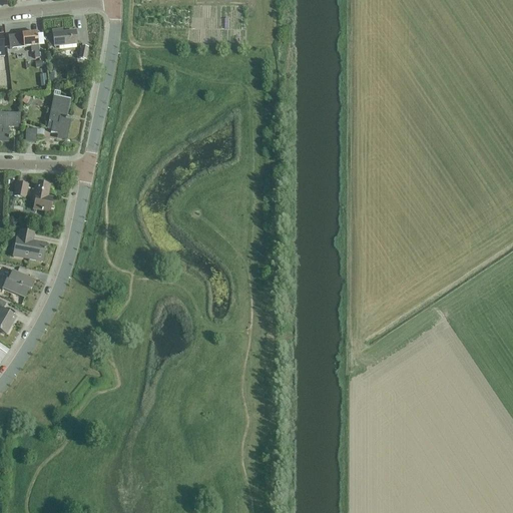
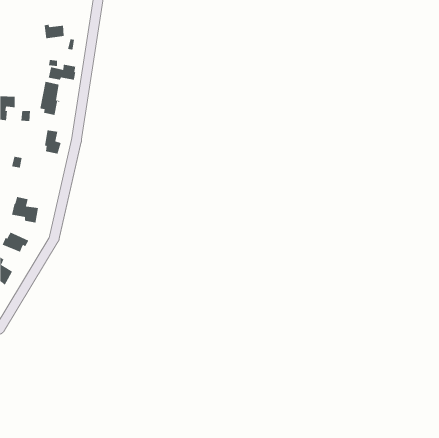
building: [6,31,38,57] -> none
building: none -> [48,64,76,81]
building: [32,181,52,209] -> [44,130,61,154]

